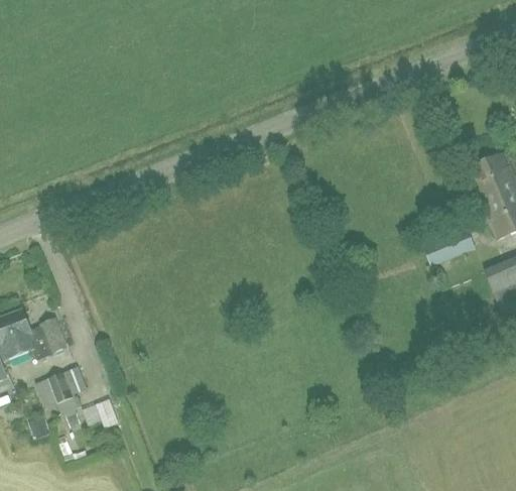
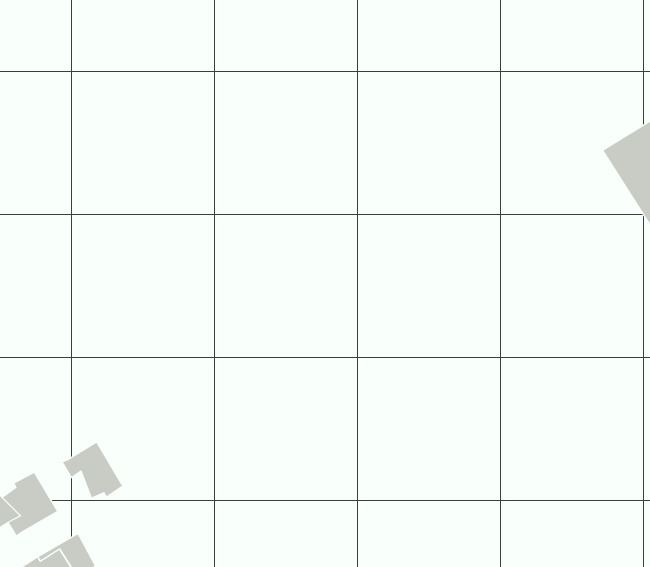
building: [422,226,475,264] -> none
building: none -> [62,442,123,498]

